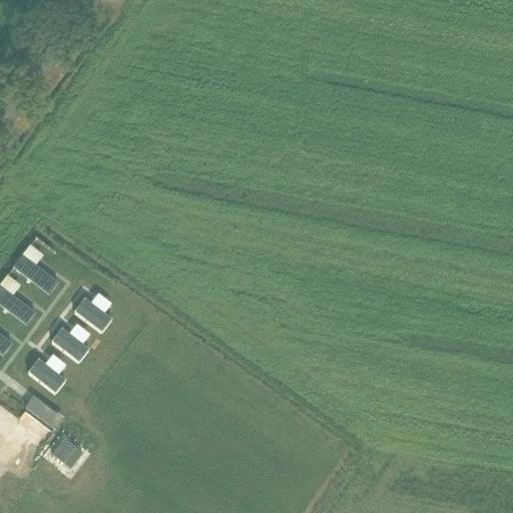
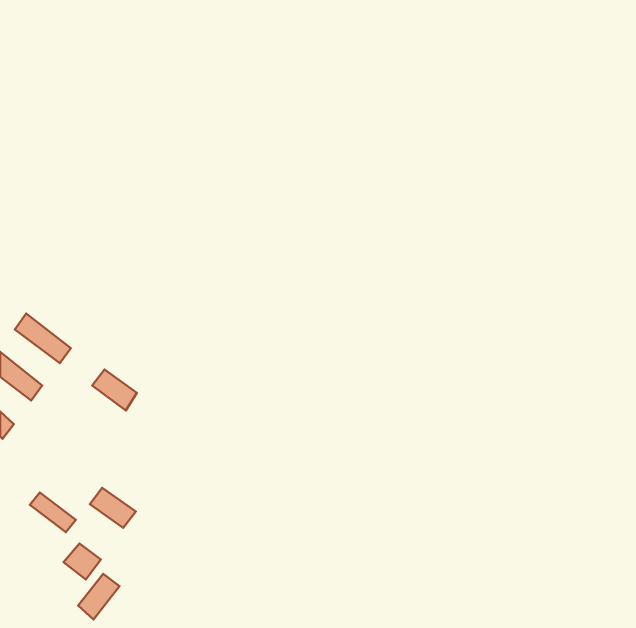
building: [51,328,87,360] -> none
building: [27,359,64,391] -> [90,488,136,528]
building: none -> [78,574,120,619]

